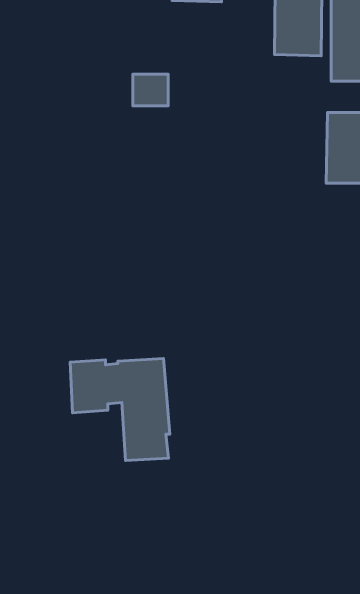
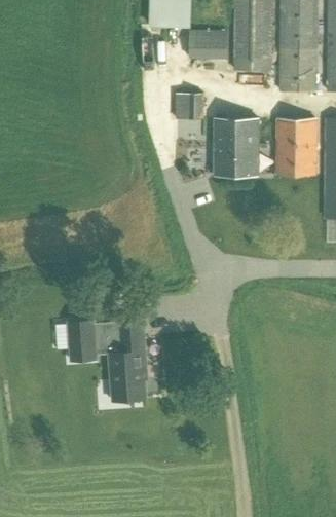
building: none -> [188,30,228,59]
building: [133,74,168,106] -> [176,93,204,118]
building: none -> [215,118,259,175]

